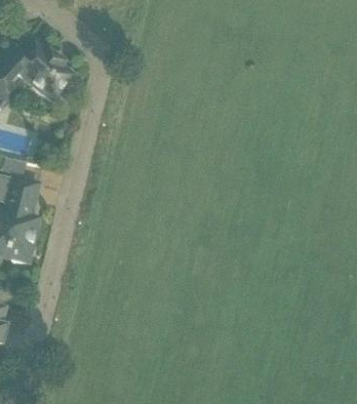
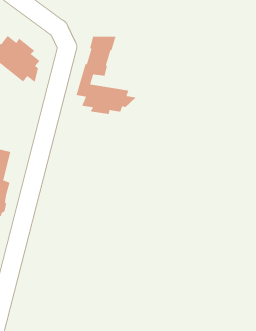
building: none -> [75,36,137,115]

